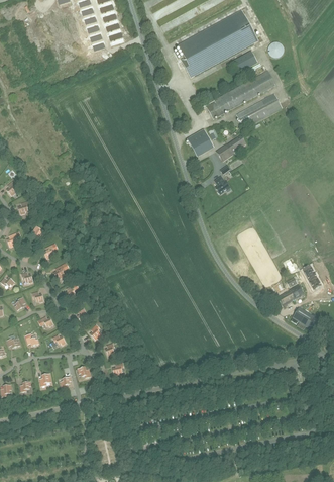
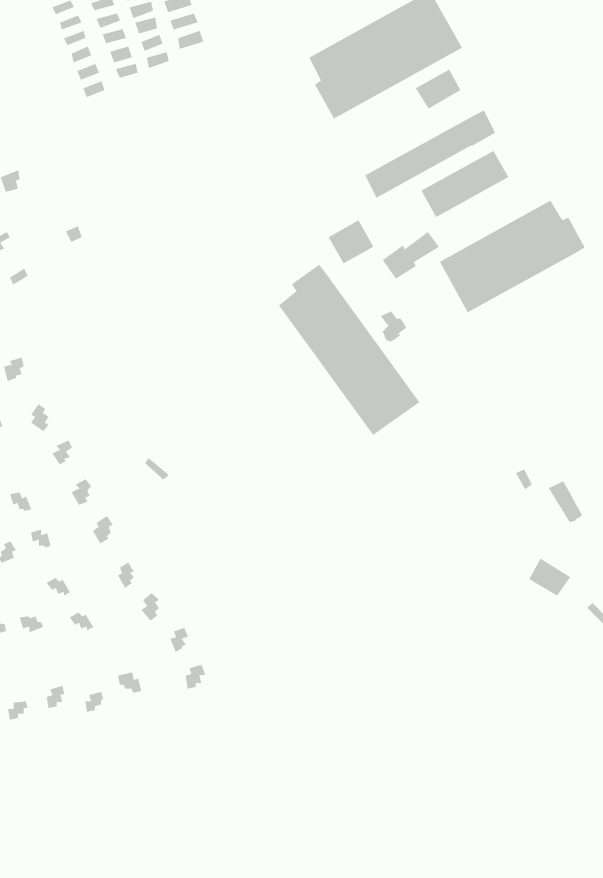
building: none -> [439,200,585,313]
building: none -> [278,264,420,436]

